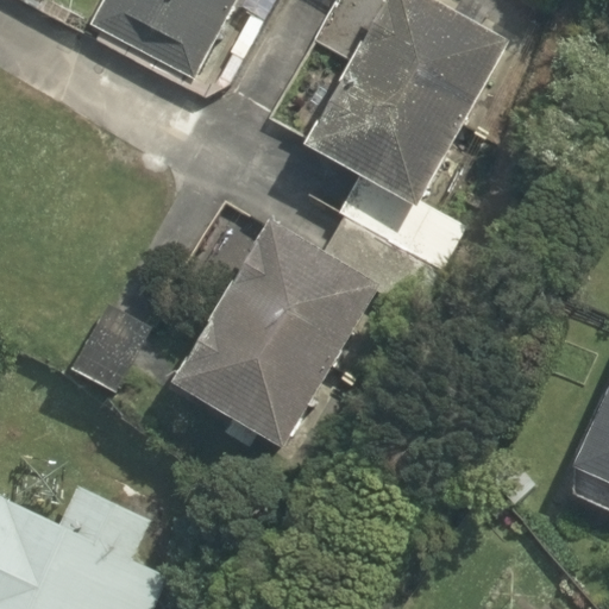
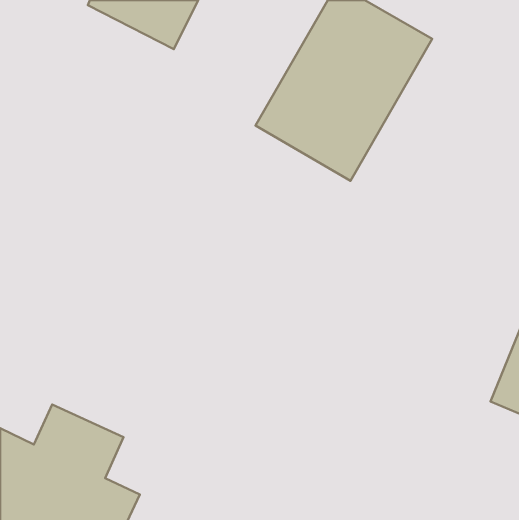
building: [169,214,371,442] -> none

